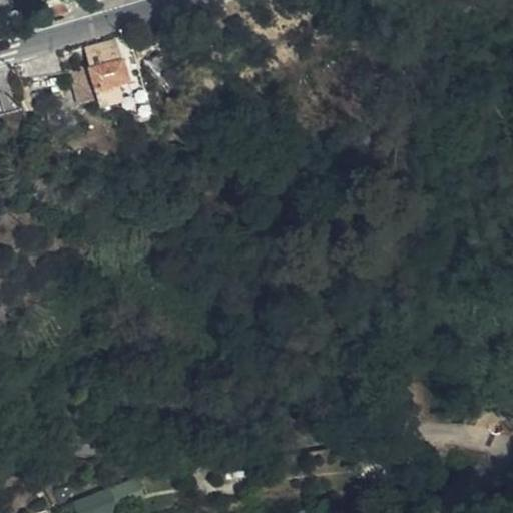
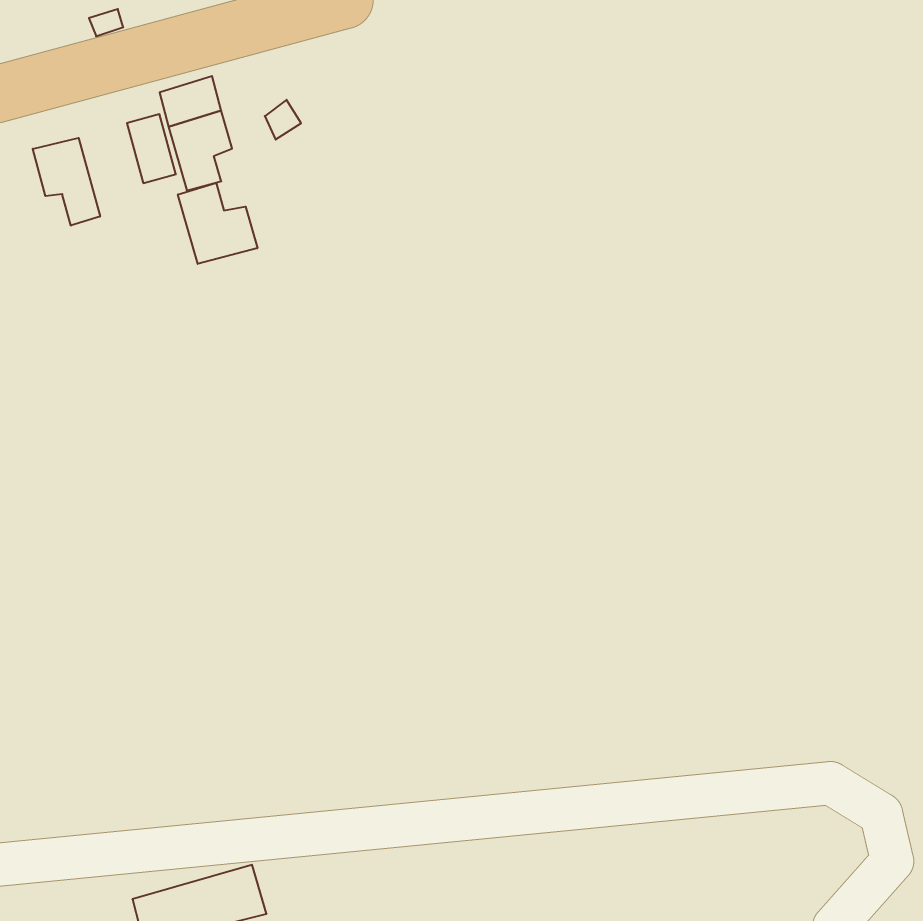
building: none -> [33,138,100,226]
building: none -> [178,183,257,264]

